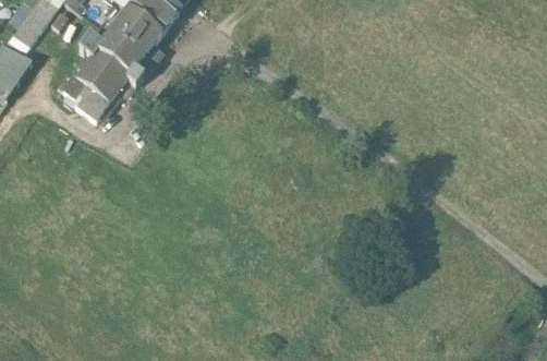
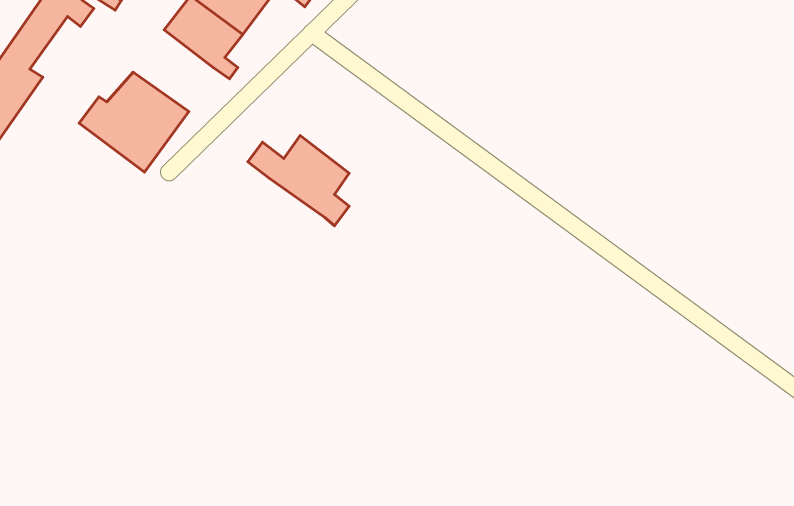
building: [76,27,144,87] -> [248,136,349,226]

